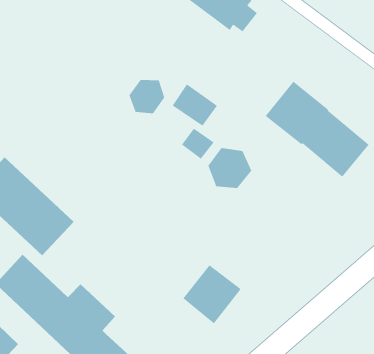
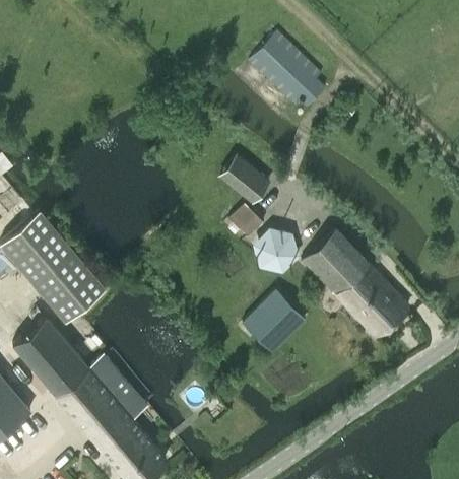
building: [129,79,165,114] -> none
building: [265,81,369,177] -> [302,229,409,338]
building: [182,264,242,324] -> [243,290,307,354]

